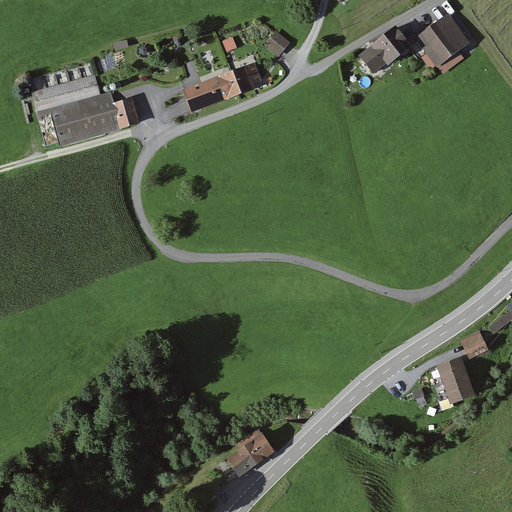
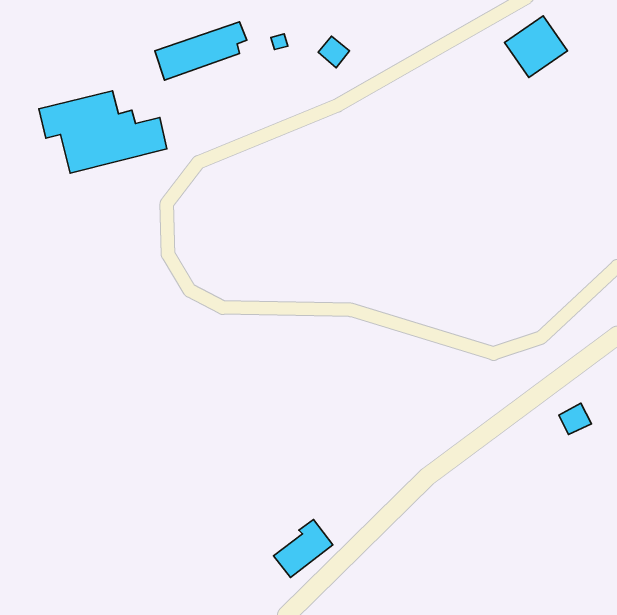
building: [363,27,412,72] -> none
building: [184,63,260,111] -> [155,22,247,80]
building: [437,356,475,404] -> none

